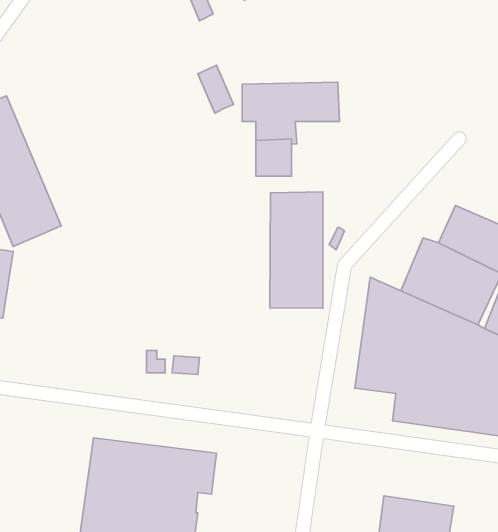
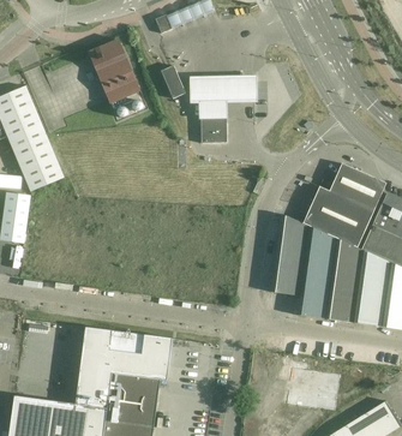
building: none -> [88,41,139,102]
building: [270,192,323,308] -> none

